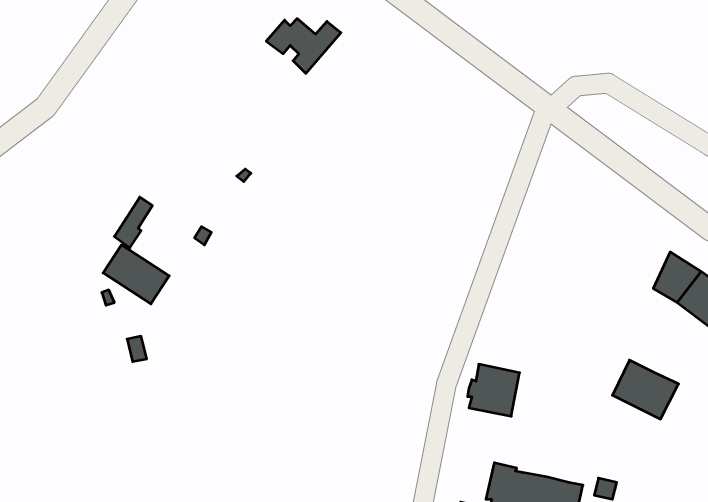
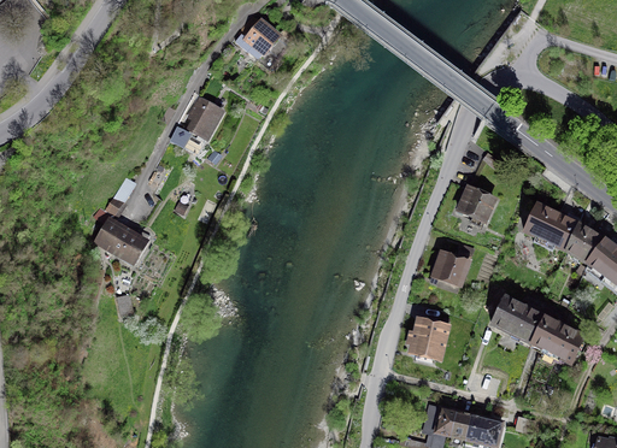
building: none -> [183,98,225,142]
building: none -> [456,184,498,224]
building: none -> [523,202,580,253]
building: none -> [430,243,475,289]
building: none -> [489,294,545,344]

